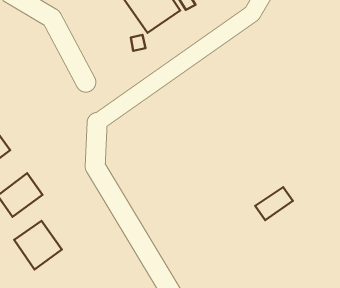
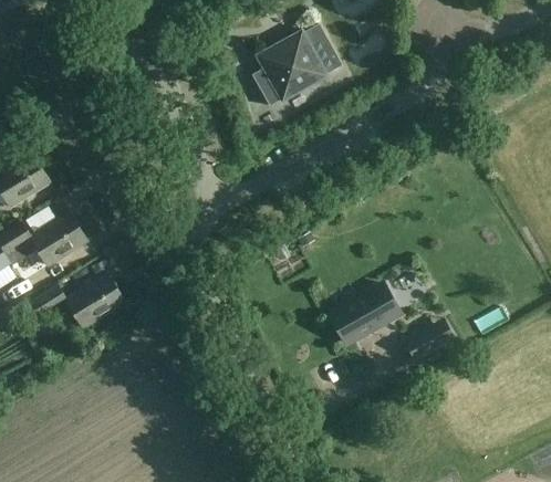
building: none -> [328,286,393,346]
building: [14,221,62,269] -> none

